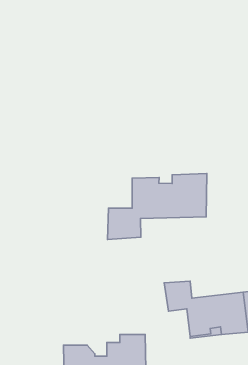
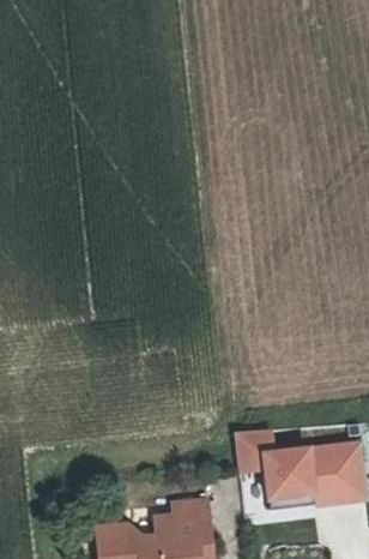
building: [108,174,207,240] -> none

